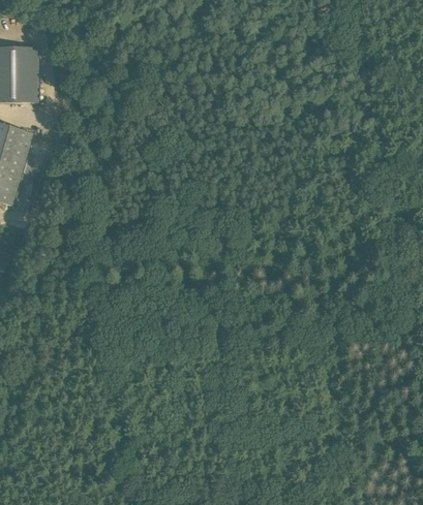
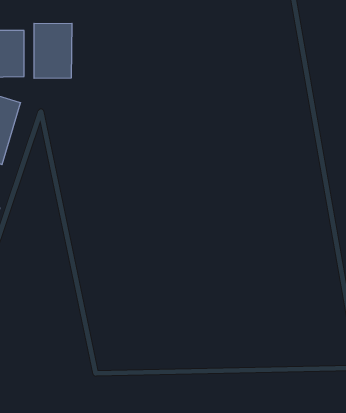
building: none -> [34,23,72,78]

